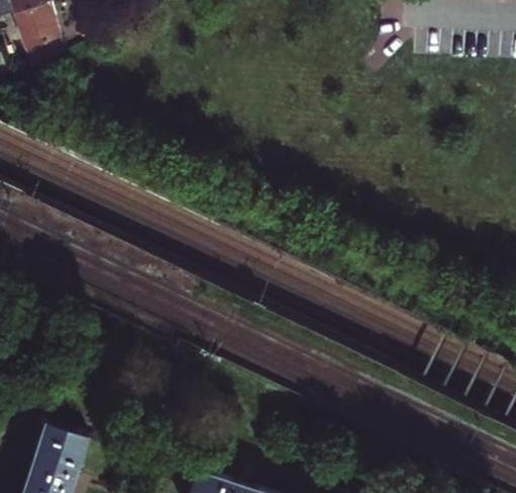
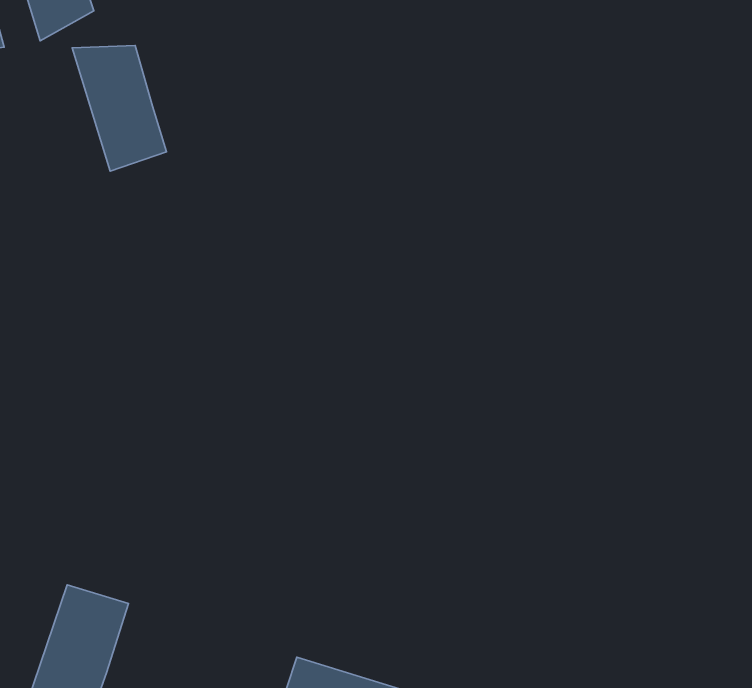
building: none -> [72,46,167,171]

